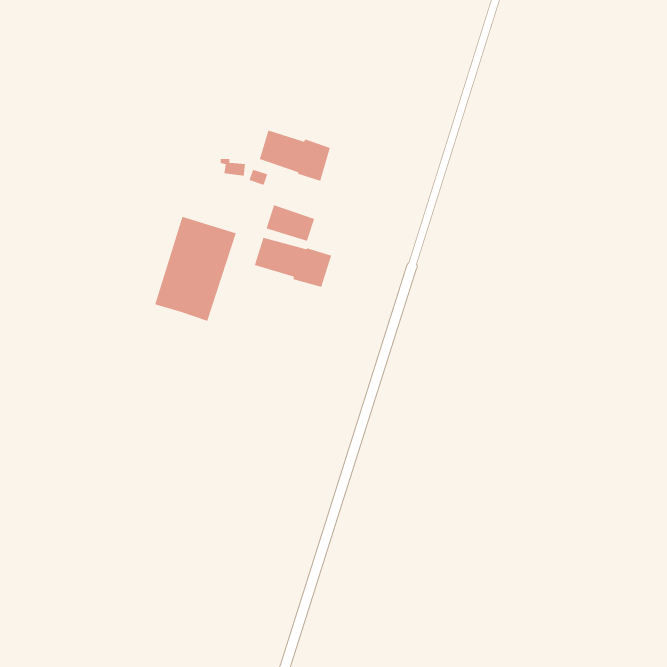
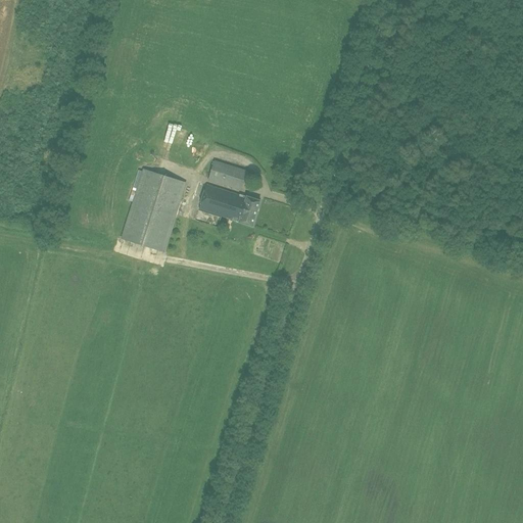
building: [259,130,331,182] -> none

